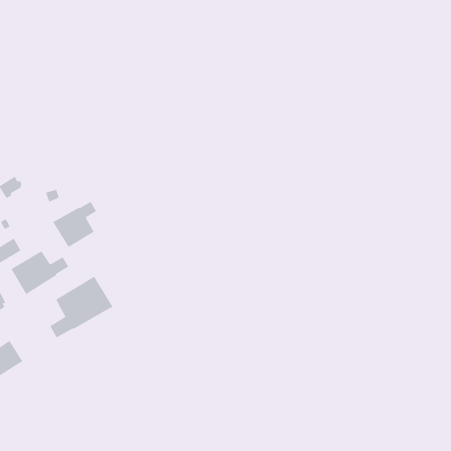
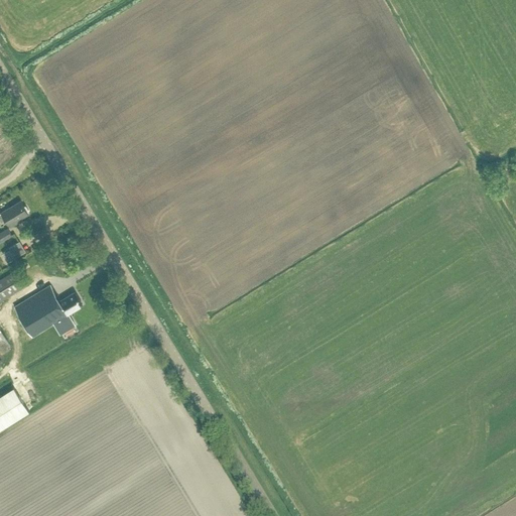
building: [52,201,97,248] -> none
building: [50,276,113,338] -> none

